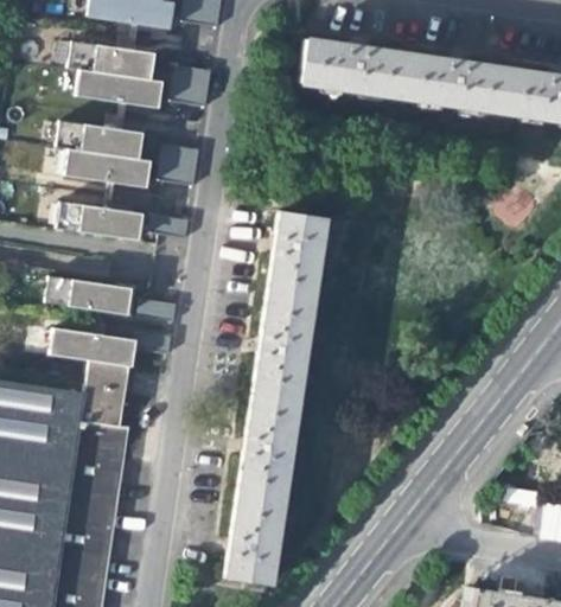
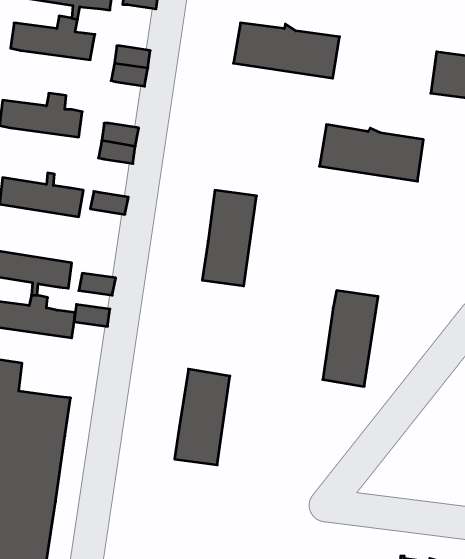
building: [400,56,506,114] -> [319,125,423,181]
building: [76,70,162,116] -> none
building: [64,149,151,197] -> none
building: [251,306,308,404] -> [323,291,378,386]
building: [77,360,128,426] -> none
building: [223,490,281,587] -> none

